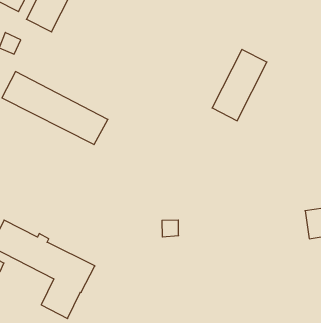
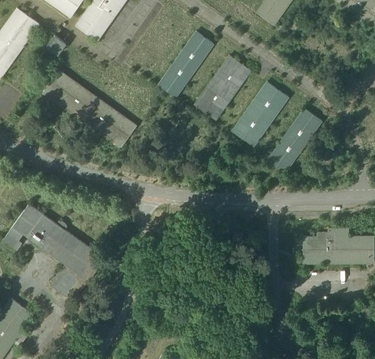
building: none -> [158,32,213,97]
building: none -> [194,56,250,120]
building: none -> [266,109,321,174]

